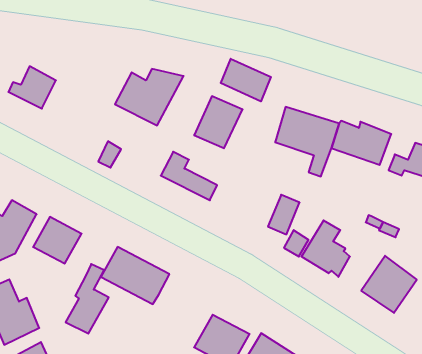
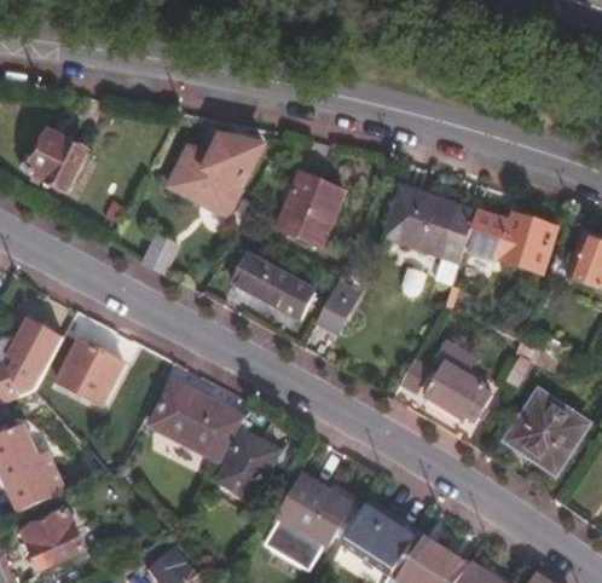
building: [221,59,271,101] -> none
building: [268,195,300,234] -> [316,283,359,337]
building: [66,264,109,334] -> [215,403,274,498]

